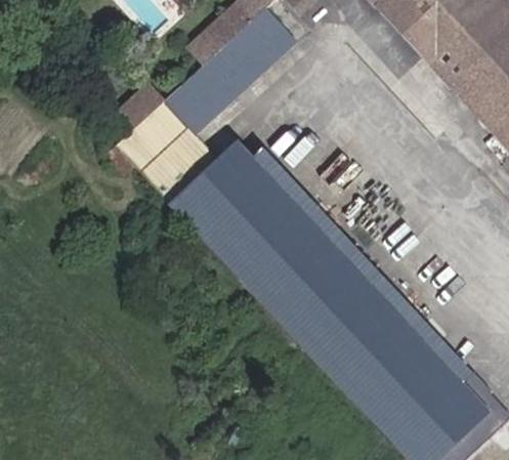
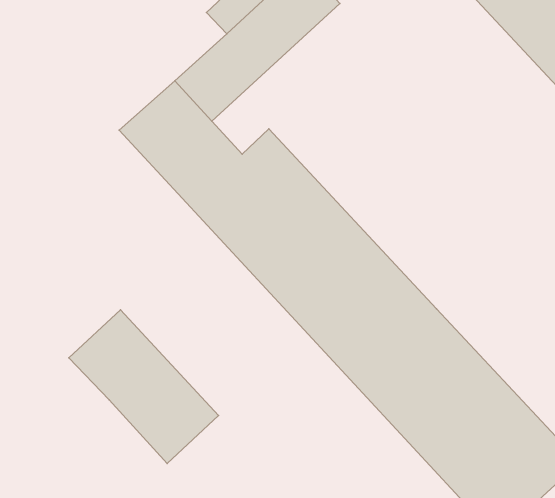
building: none -> [69,310,219,464]

